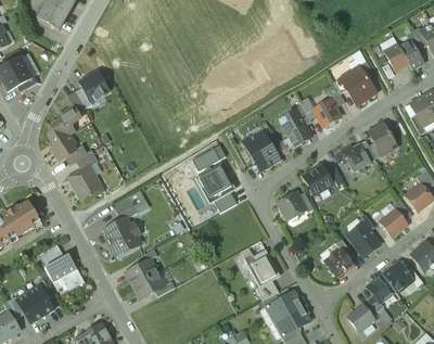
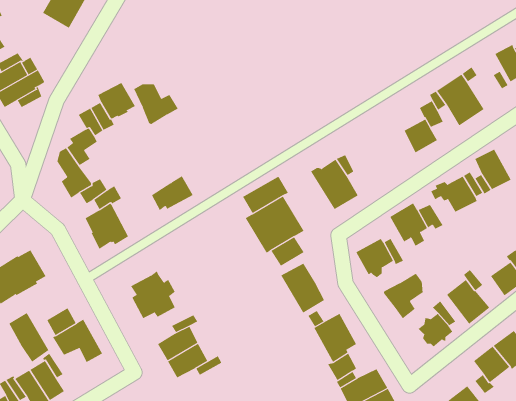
building: none -> [134,83,179,125]
building: [279,103,310,149] -> none
building: [114,192,146,219] -> [151,175,194,211]
building: none -> [281,263,325,314]
building: none -> [383,273,423,319]
building: none -> [8,312,49,362]

